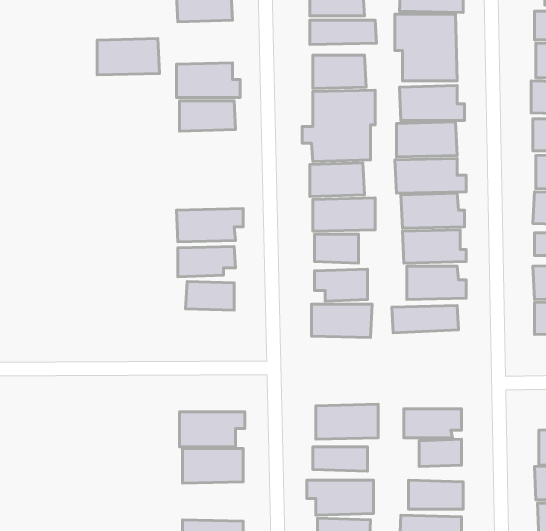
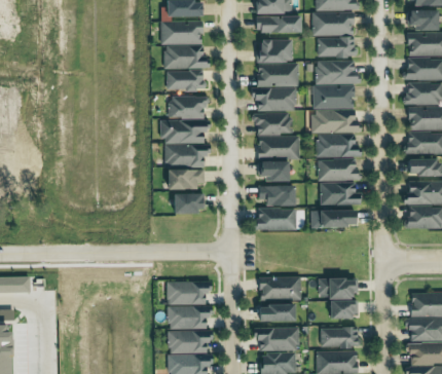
building: [97,39,159,75] -> [160,21,202,45]
building: none -> [161,97,209,144]
building: none -> [168,331,212,353]

